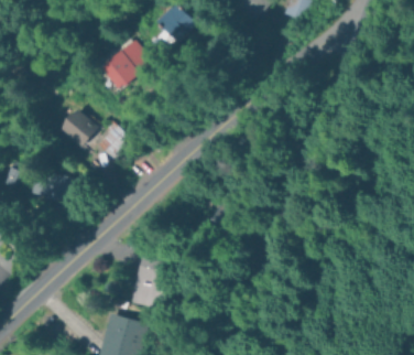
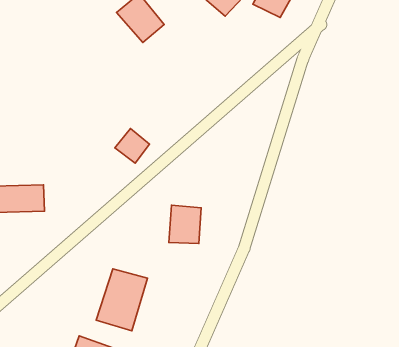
building: [96,47,144,96] -> none
building: [58,106,102,149] -> none
building: [99,125,131,157] -> [115,129,150,163]

